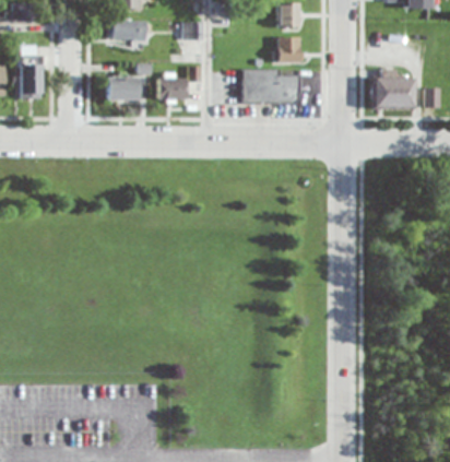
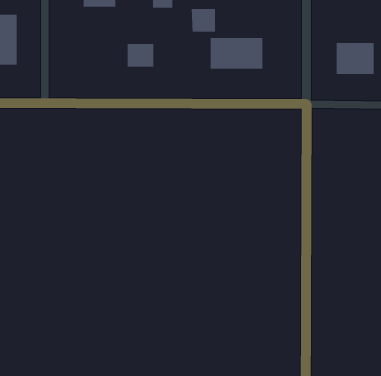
building: [274,37,300,62] -> [191,8,216,32]
building: [106,76,139,100] -> none

